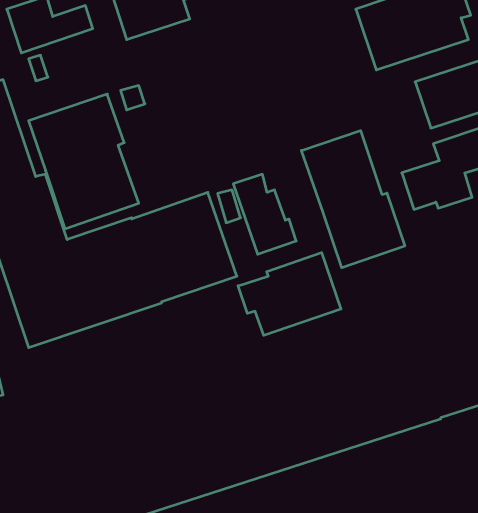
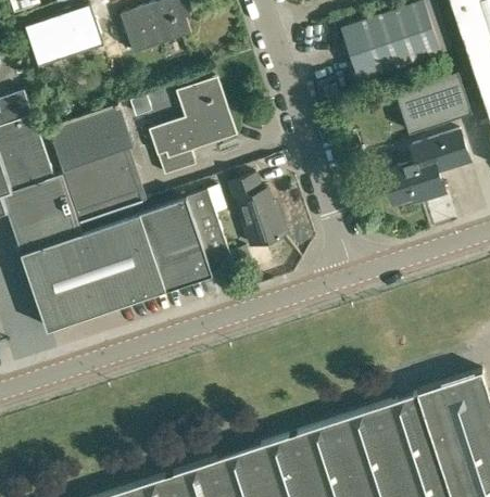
building: none -> [150,79,238,176]
building: [301,131,405,268] -> none
building: [238,253,341,335] -> none

